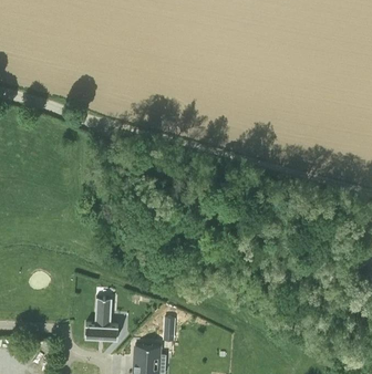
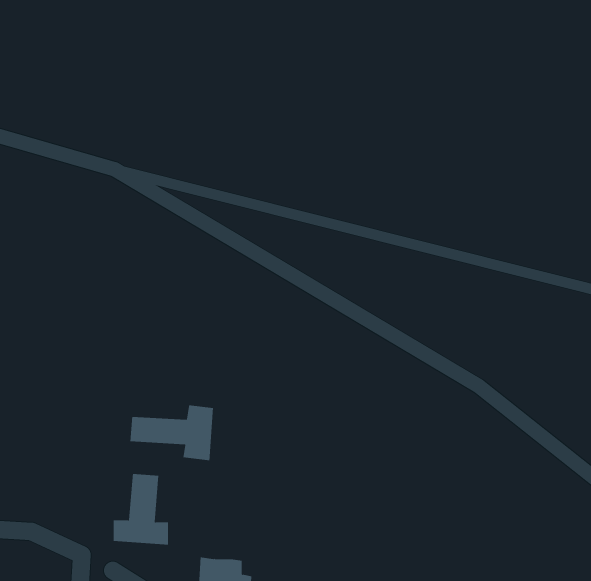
building: none -> [130,405,214,461]

